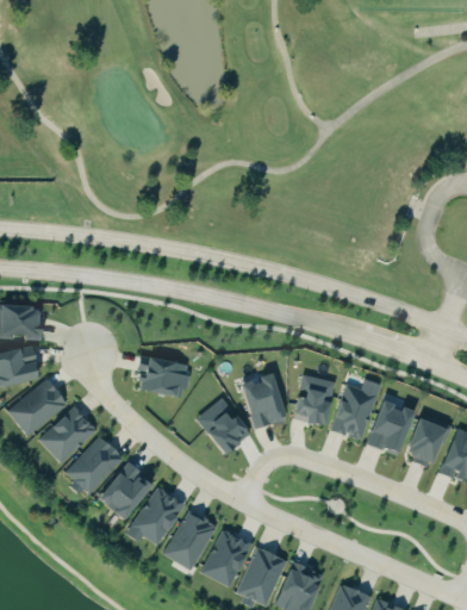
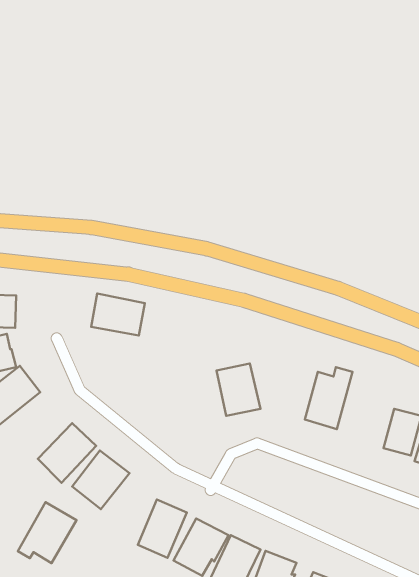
building: [135,354,188,396] -> [91,294,145,335]
building: [292,373,336,427] -> none
building: [198,397,251,454] -> none
building: [371,400,417,452] -> none
building: [38,412,96,462] -> none
building: [127,485,186,546] -> [18,502,76,563]

